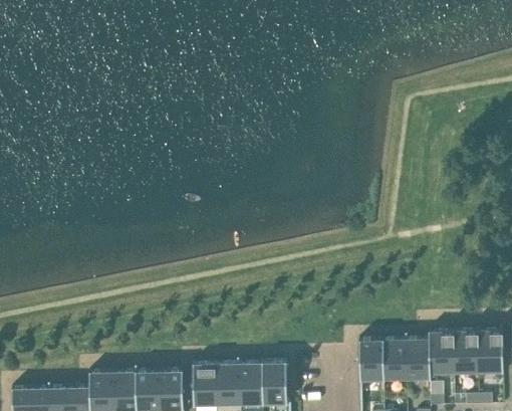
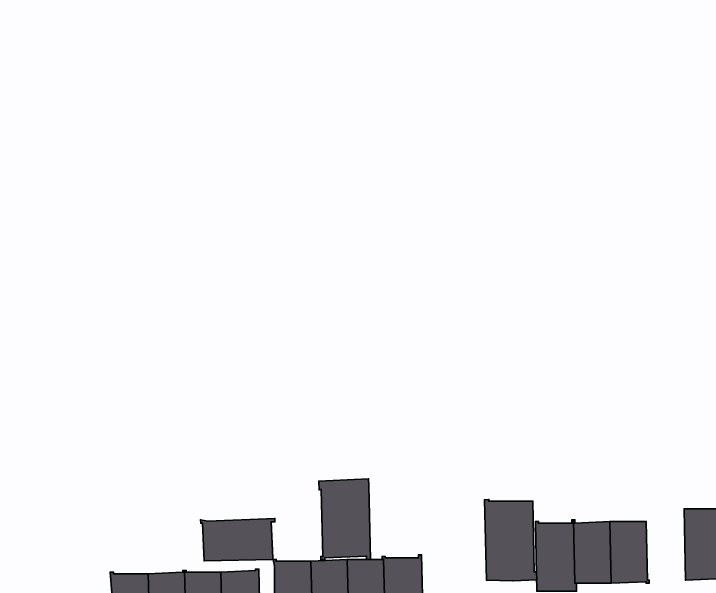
building: none -> [319,479,371,560]
building: none -> [485,500,537,581]
building: [428,331,454,376] -> none
building: none -> [201,518,275,561]

